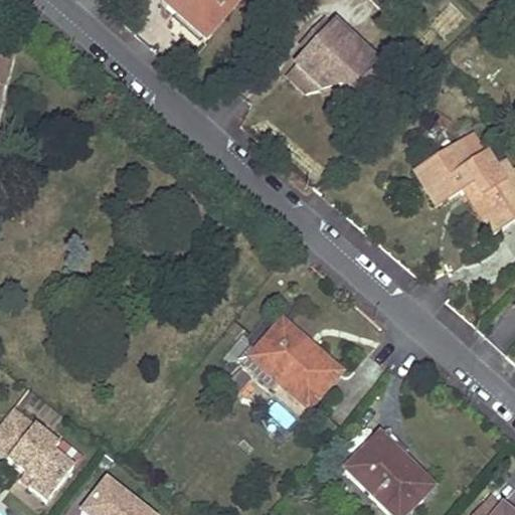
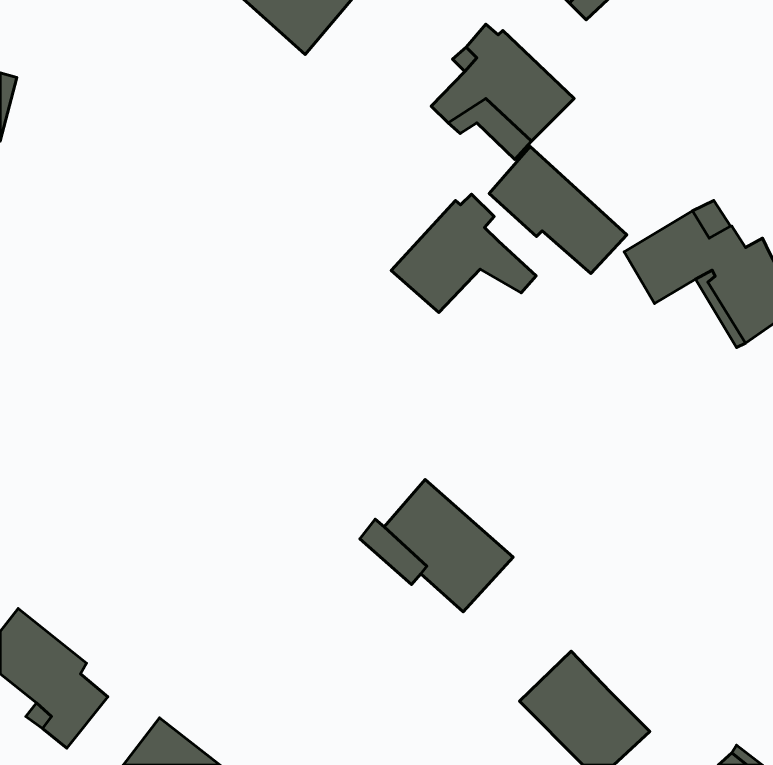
building: none -> [489,146,627,273]
building: none -> [391,194,536,313]

